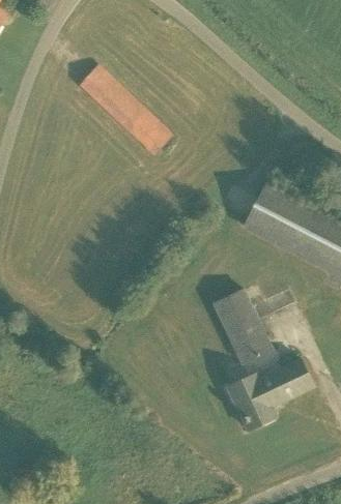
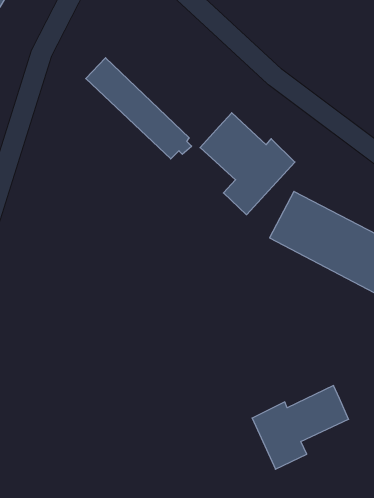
building: none -> [200,113,295,215]
building: [211,287,273,364] -> none

